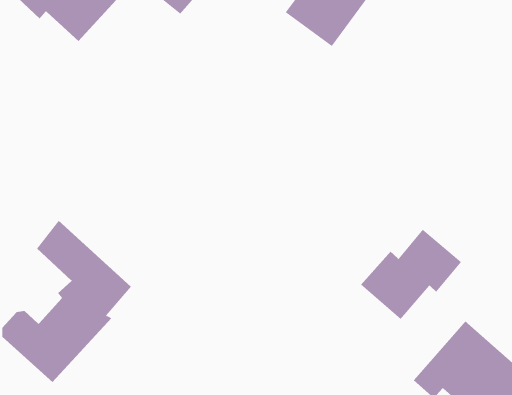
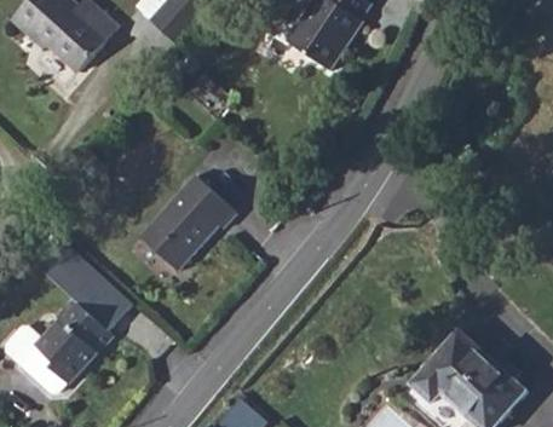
building: none -> [143,177,240,269]
building: [360,229,462,320] -> none

